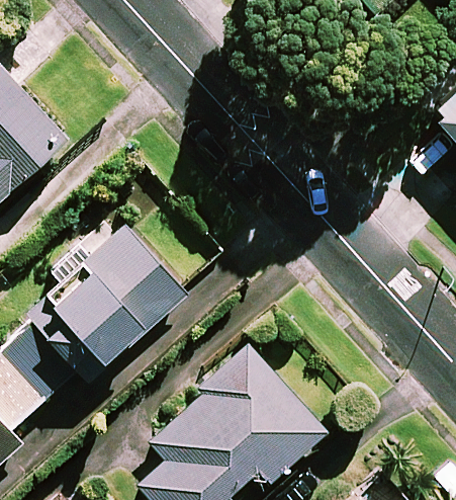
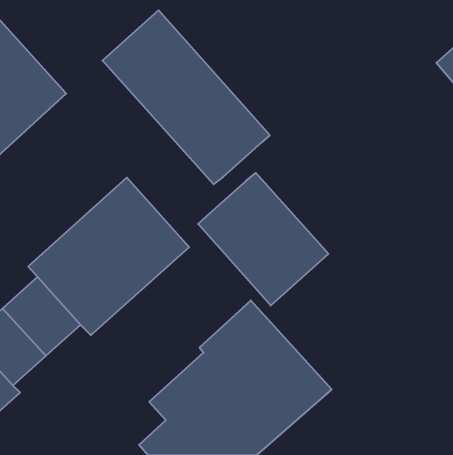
building: none -> [102,10,270,184]
building: none -> [198,173,328,306]

